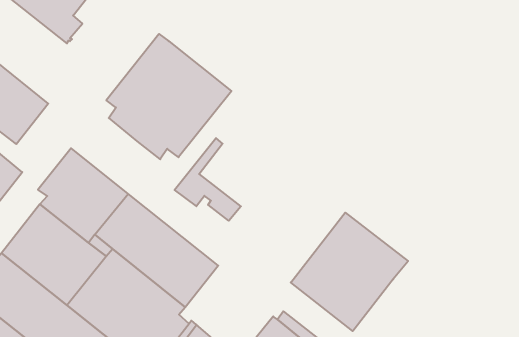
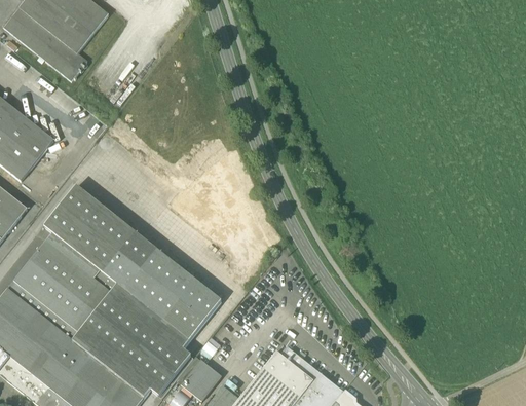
building: [106,34,231,159] -> none
building: [175,138,241,221] -> none
building: [291,213,408,331] -> none

